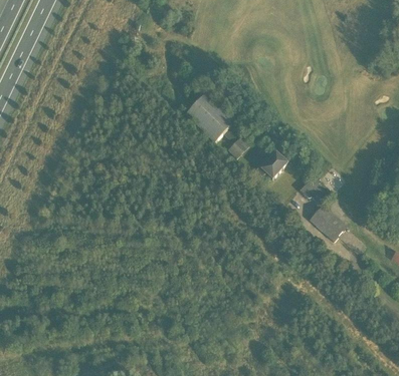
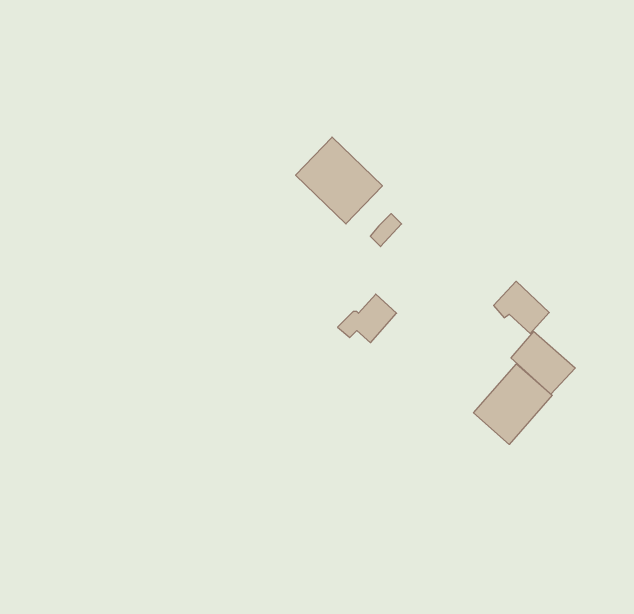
building: [253,150,287,178] -> [338,294,397,343]
building: none -> [474,364,552,444]

